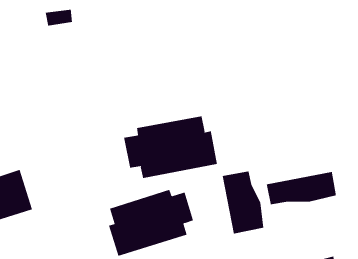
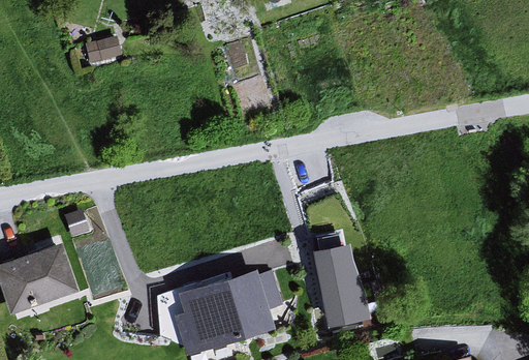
building: [124,115,218,179] -> none
building: [266,171,336,205] -> none

